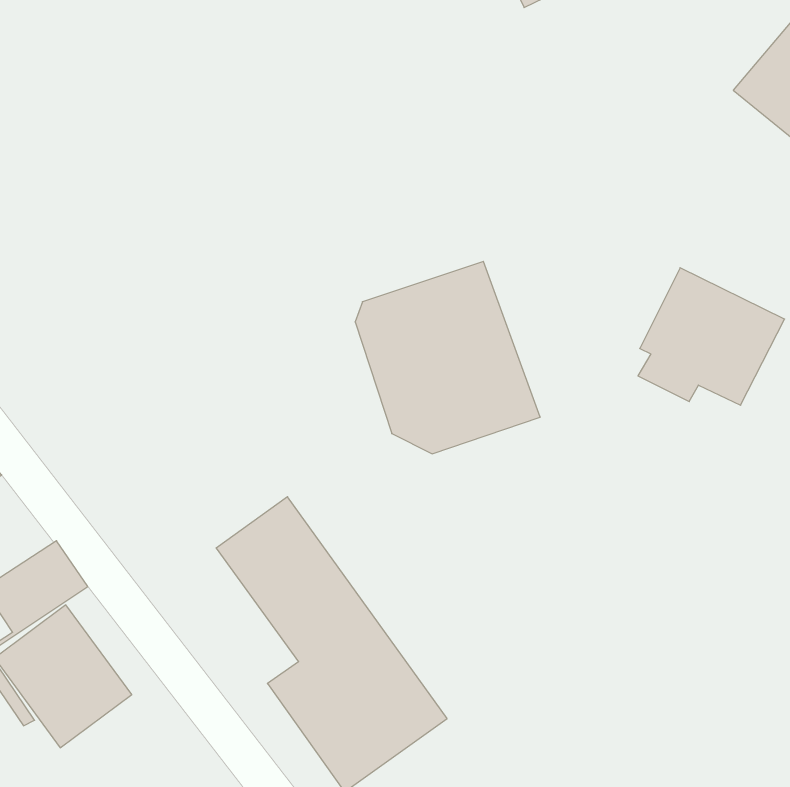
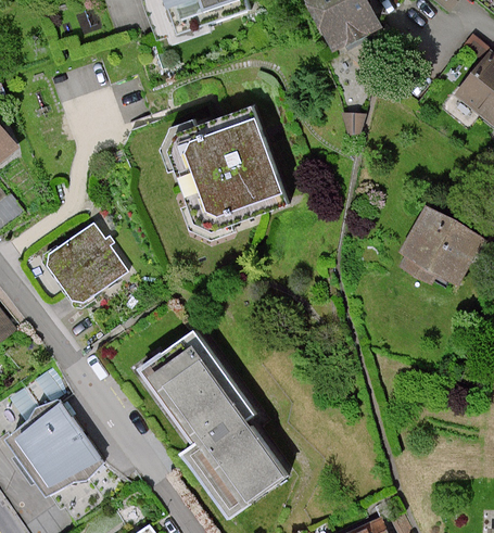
building: [355,261,540,454] -> [182,103,292,217]
building: none -> [42,223,127,308]

